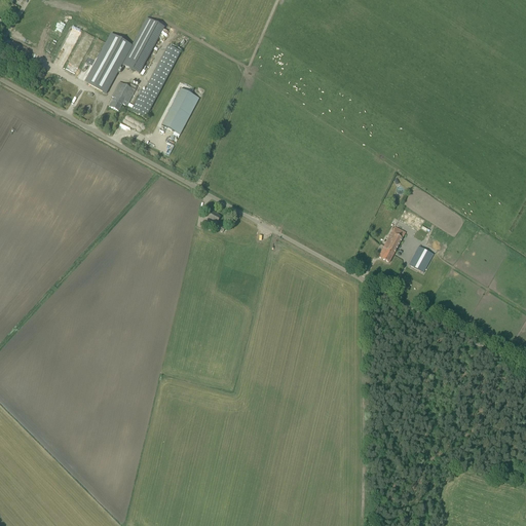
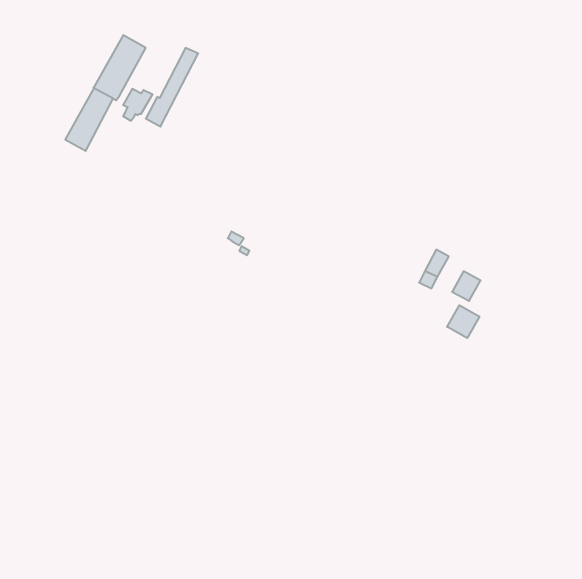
building: [121,15,164,72] -> [65,88,113,151]
building: [161,87,199,133] -> none
building: none -> [447,305,479,338]

